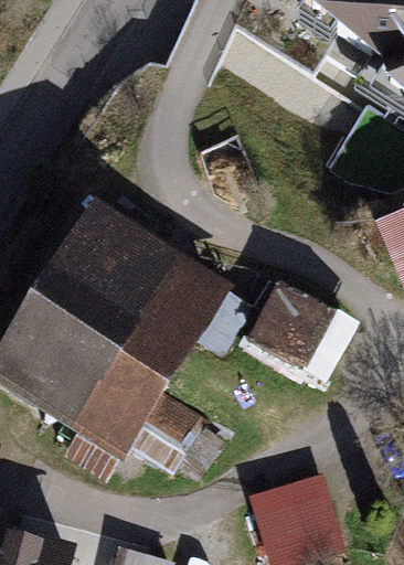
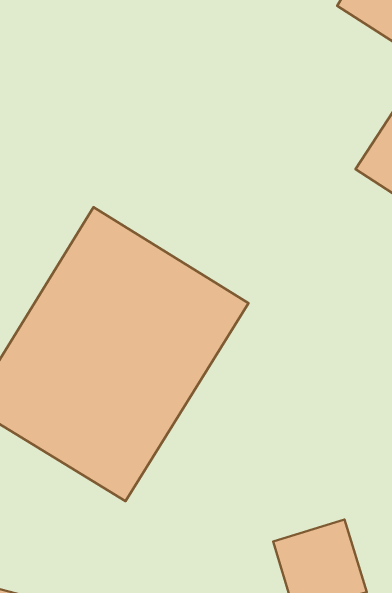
building: [249,279,337,366] -> none

